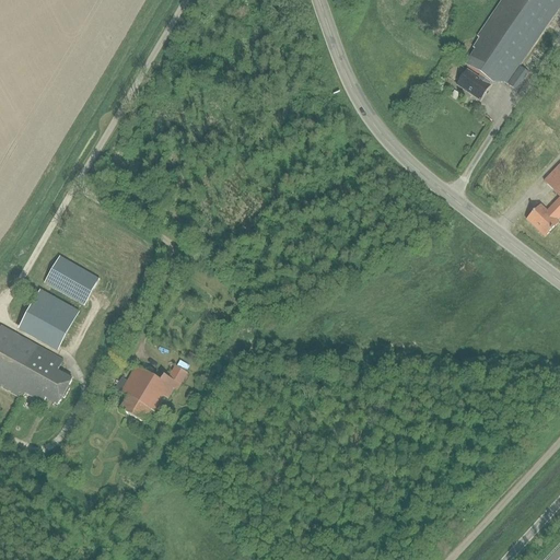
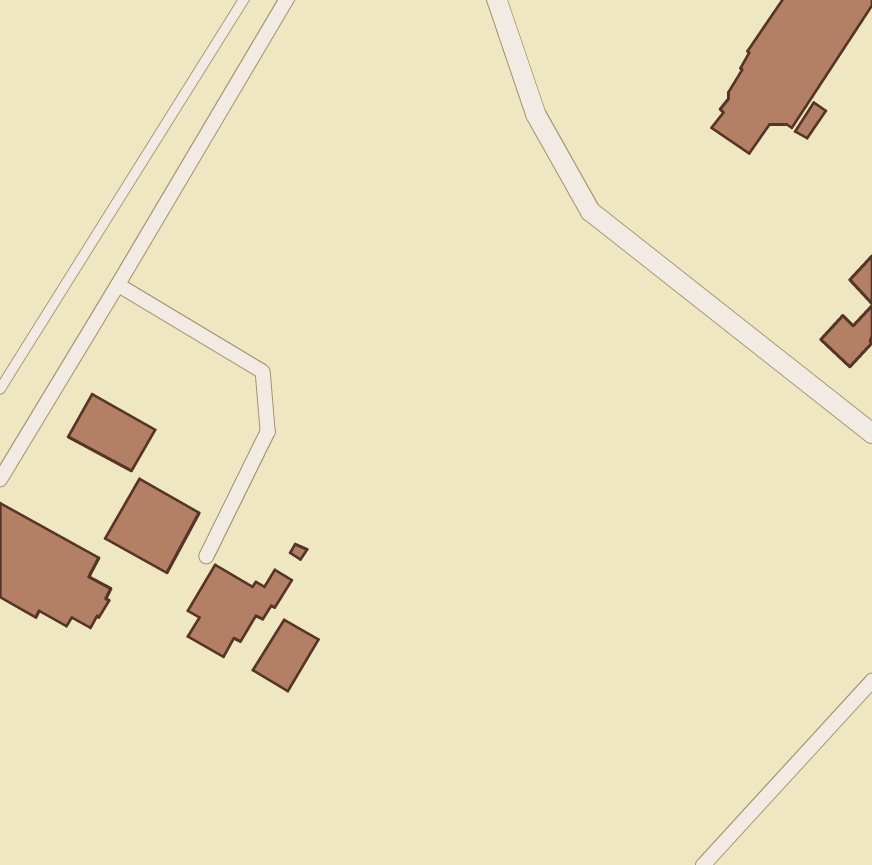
building: [19,288,79,348] -> [105,479,199,573]
building: none -> [253,620,319,691]

